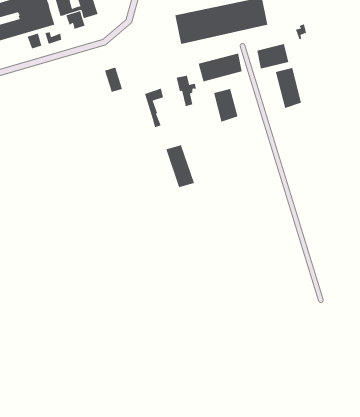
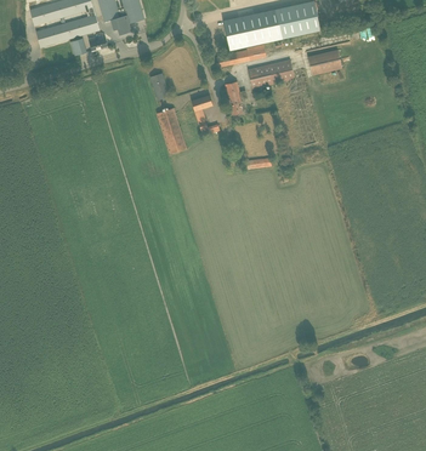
building: [275,67,301,109] -> none
building: [213,88,238,123] -> none
building: [166,144,195,188] -> [155,107,186,152]

